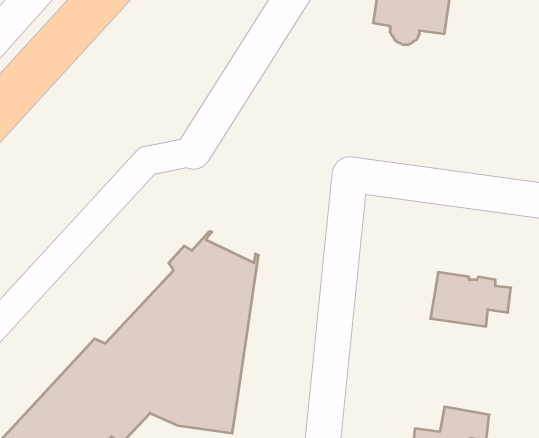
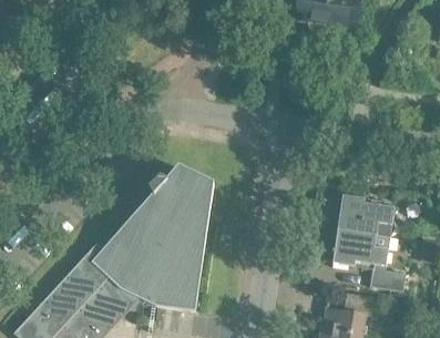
building: none -> [332,228,406,290]

